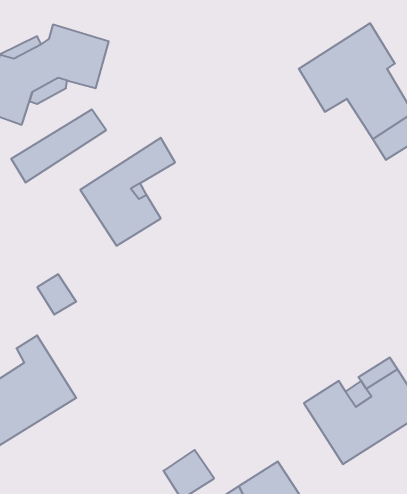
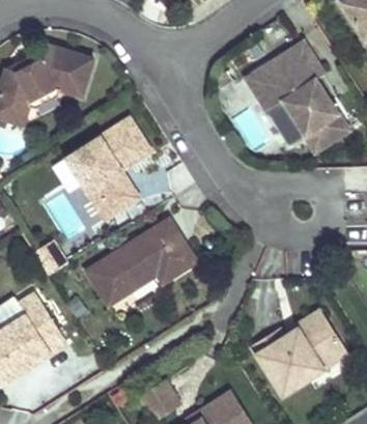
building: [11,109,106,182] -> [61,118,137,176]
building: none -> [80,221,193,312]

